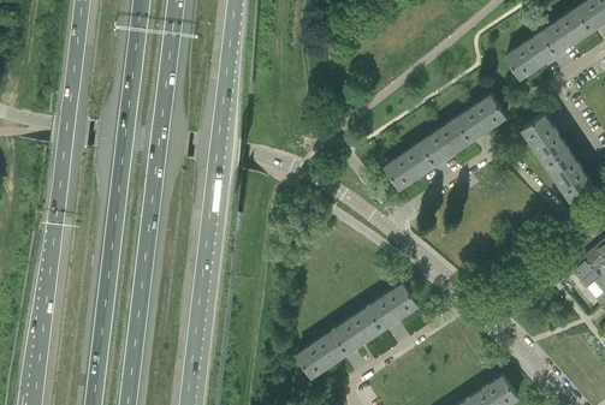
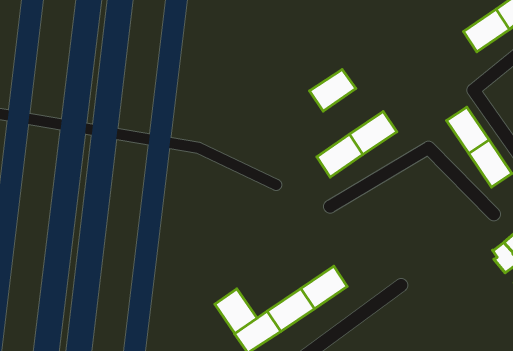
building: [504,35,553,79] -> none
building: [453,97,503,142] -> [310,69,356,111]
building: none -> [215,289,257,333]

